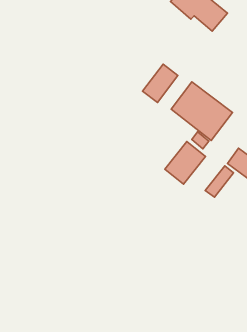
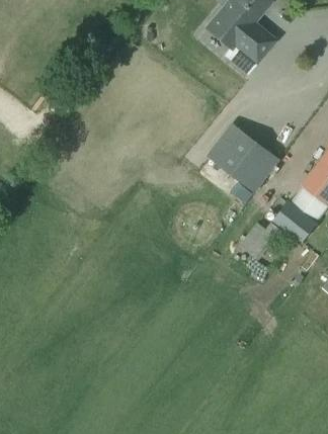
building: [143,64,178,103] -> none
building: [165,141,206,184] -> none

